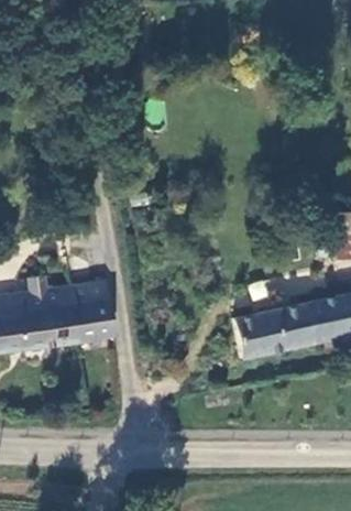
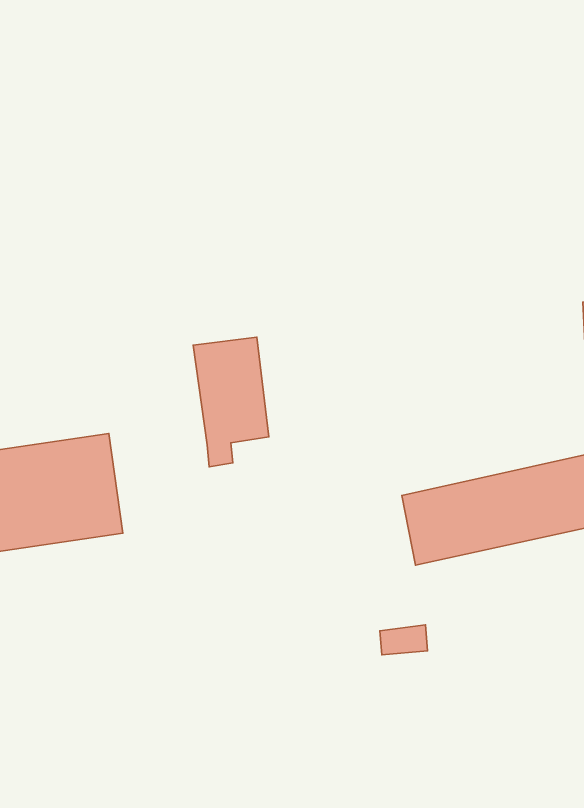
building: [73,281,114,352] -> [193,337,269,467]

